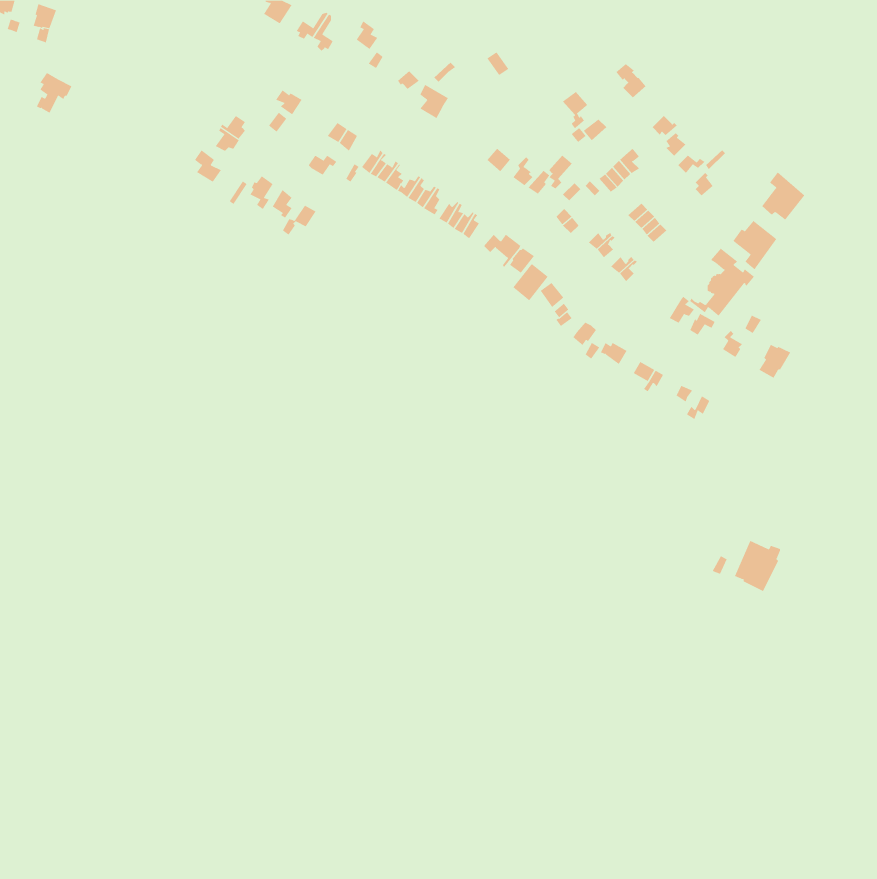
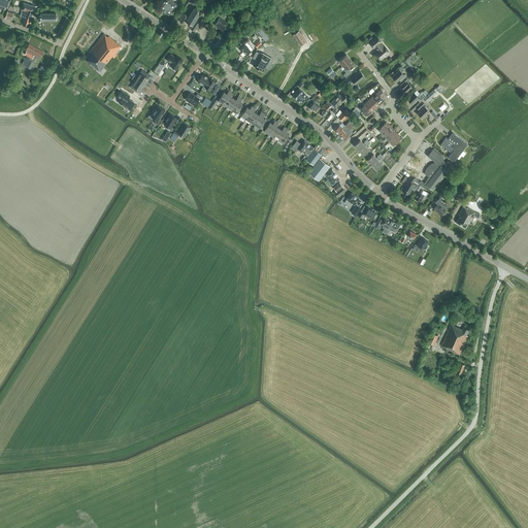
building: none -> [84,34,122,71]
building: [761,171,805,220] -> none

